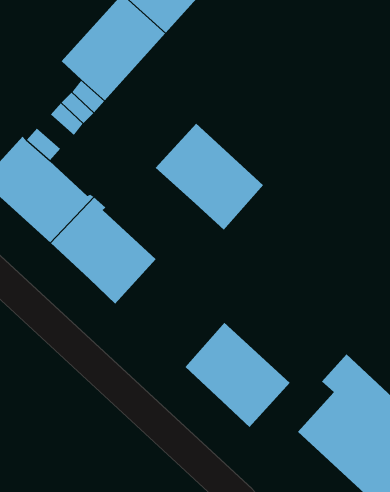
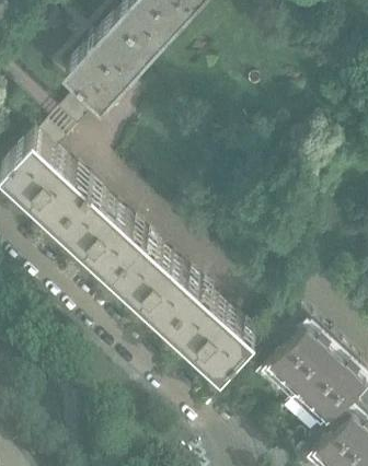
building: [155,123,264,230] -> [111,241,200,329]

